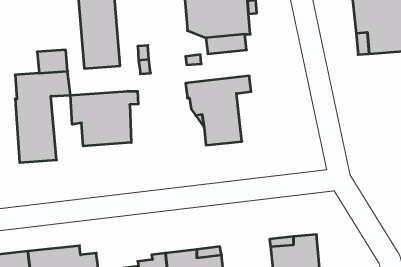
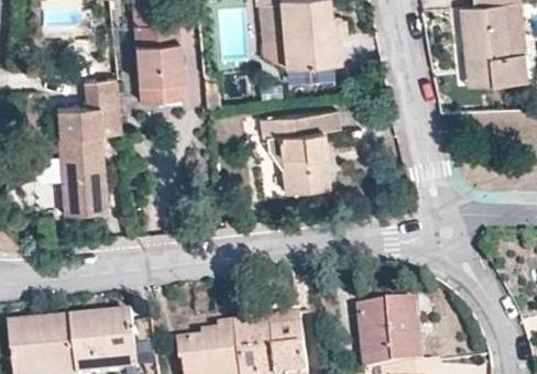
building: [70,91,138,146] -> none

